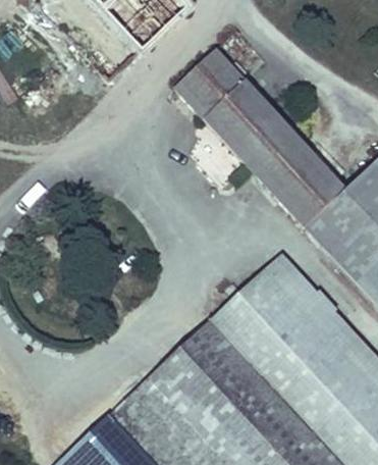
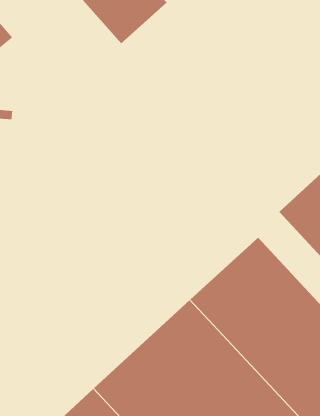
building: [175,50,345,227] -> none

